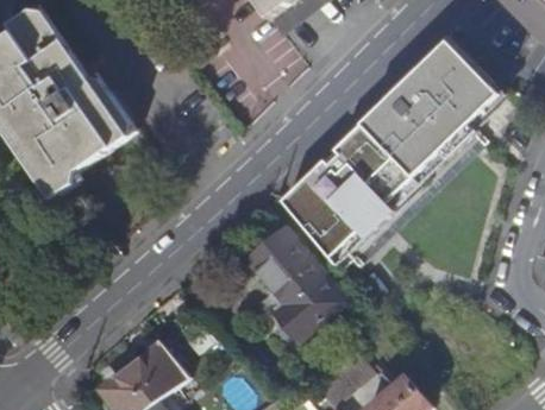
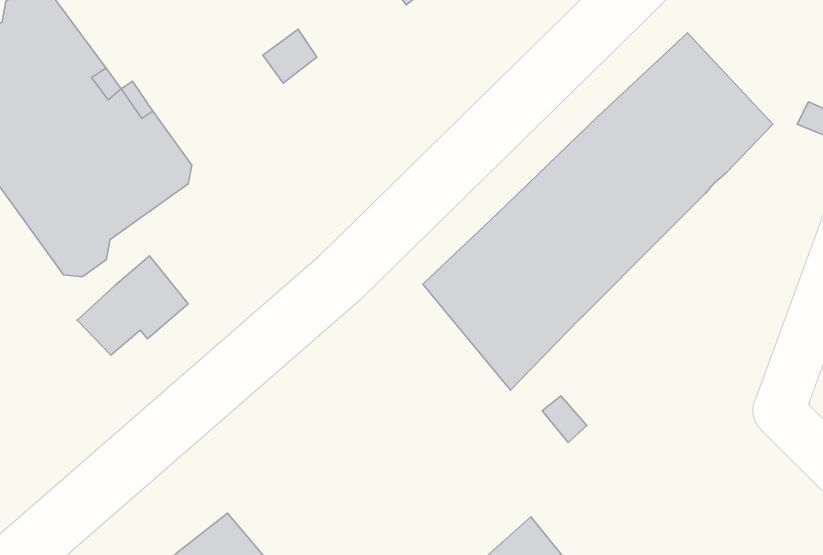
building: none -> [77,256,188,355]
building: [246,229,347,346] -> none

